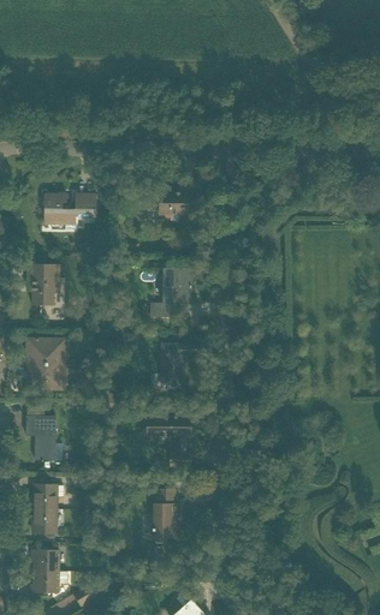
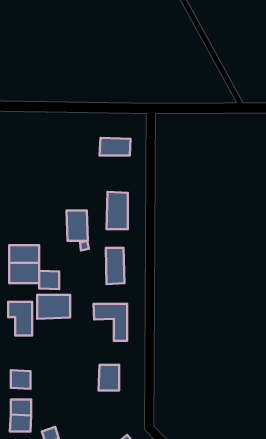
building: [41,193,90,227] -> none
building: [35,265,64,306] -> [67,211,88,241]
building: none -> [39,271,59,289]
building: none -> [37,295,70,319]
building: [30,483,57,510] -> none

